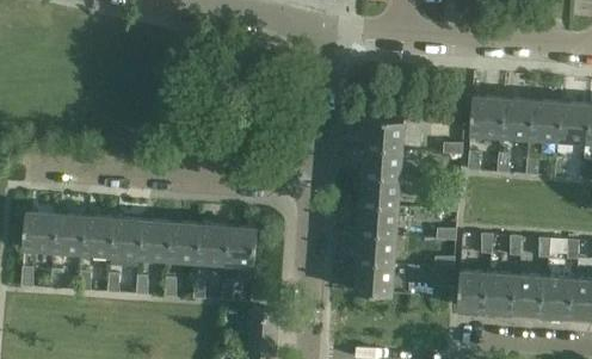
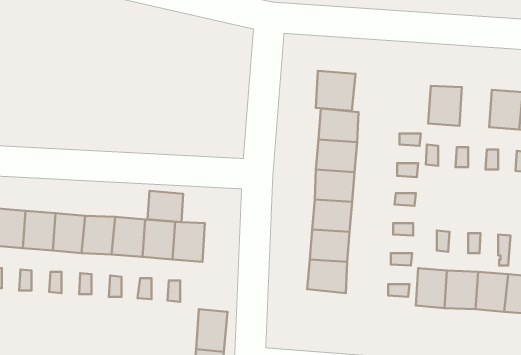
building: none -> [316,71,356,111]
building: [500,99,531,137] -> none
building: none -> [148,191,183,222]

